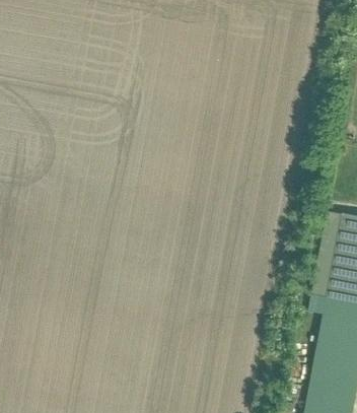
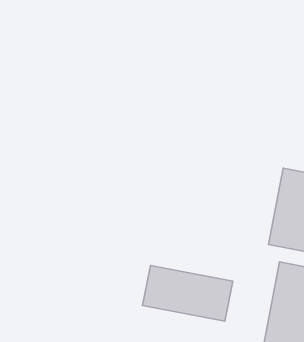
building: none -> [143,266,233,321]

